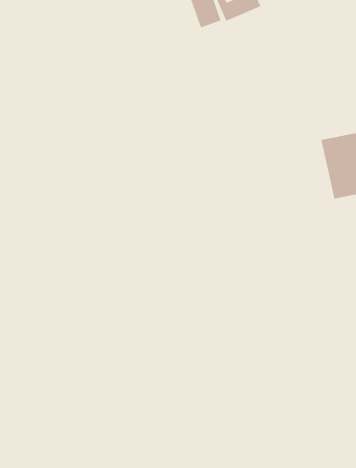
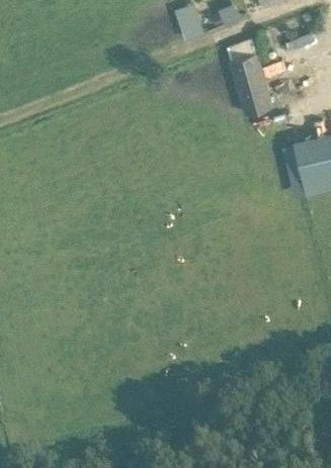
building: none -> [230,54,272,115]

